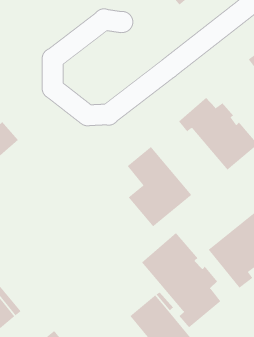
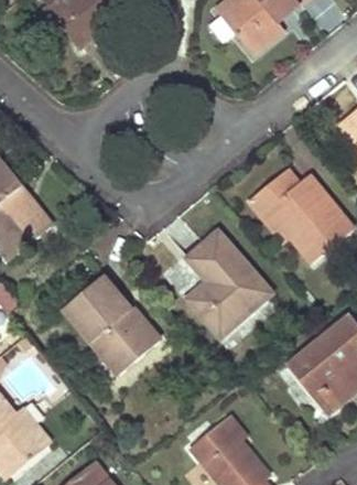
building: none -> [63,277,159,373]
building: [141,232,221,328] -> none

